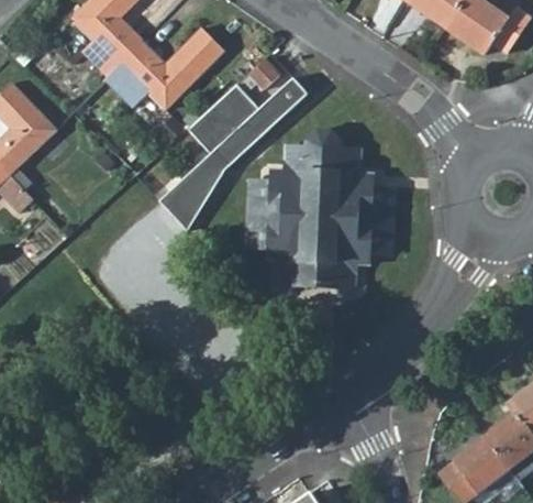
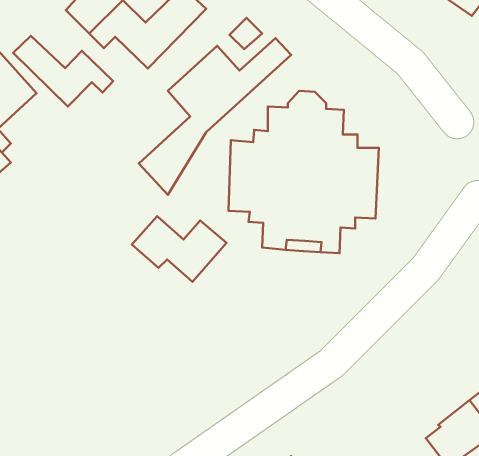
building: none -> [13,36,113,106]
building: none -> [132,216,227,282]

